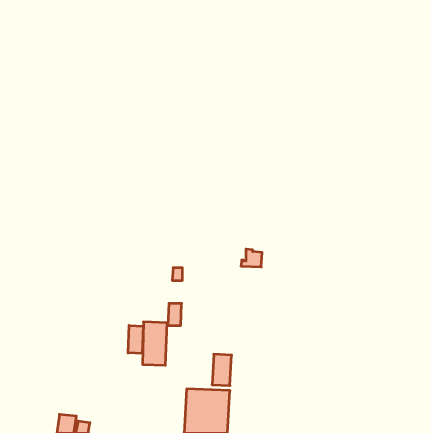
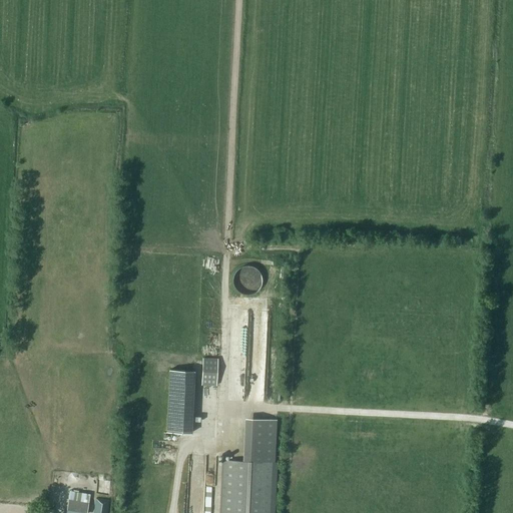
building: [241,249,262,267] -> [236,270,262,291]
building: [128,325,143,354] -> none

